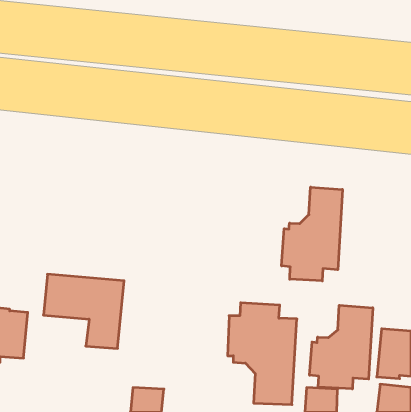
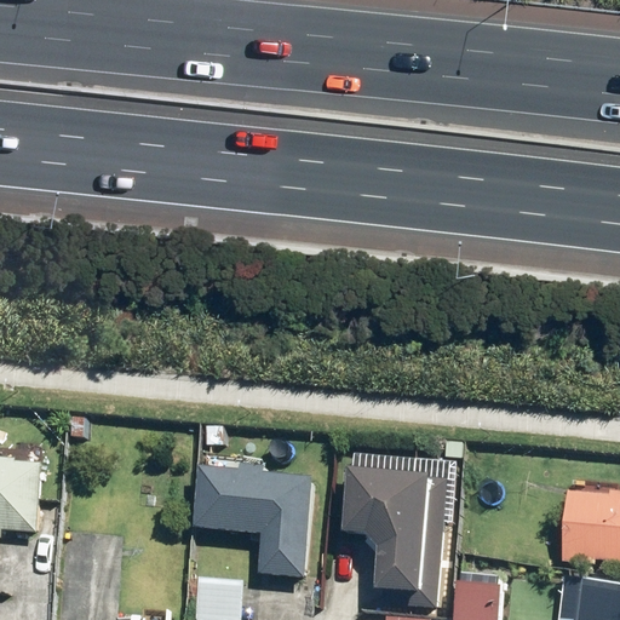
building: [282,187,342,281] -> none
building: [43,274,124,348] -> [194,467,314,578]
building: [310,305,373,389] -> none

